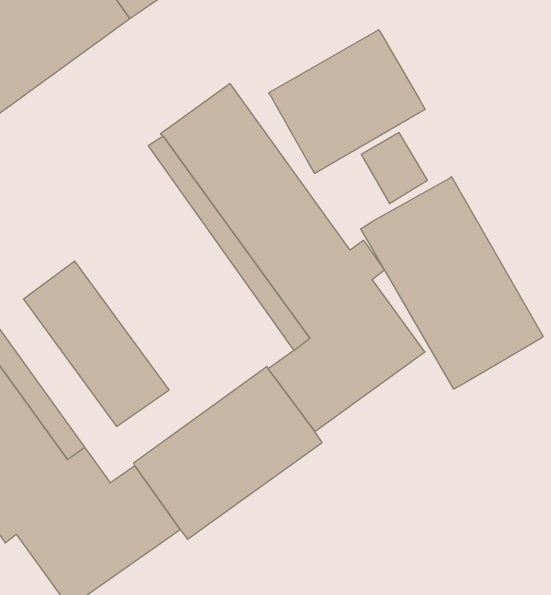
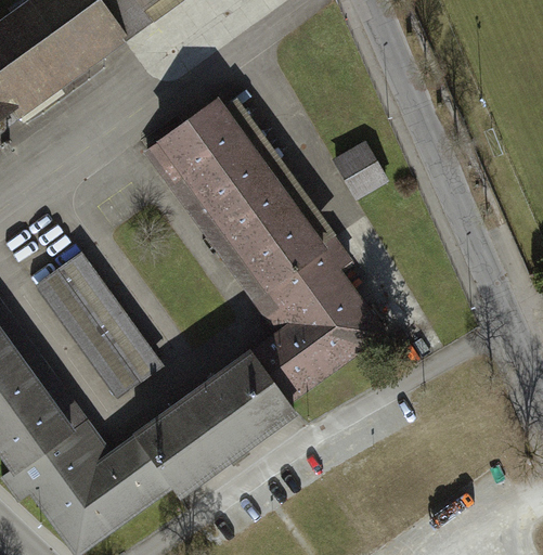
building: [269,30,425,173] -> none
building: [361,177,543,389] -> none

